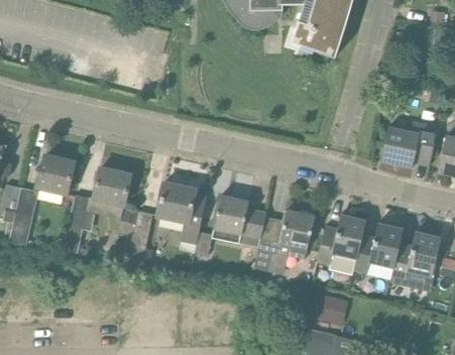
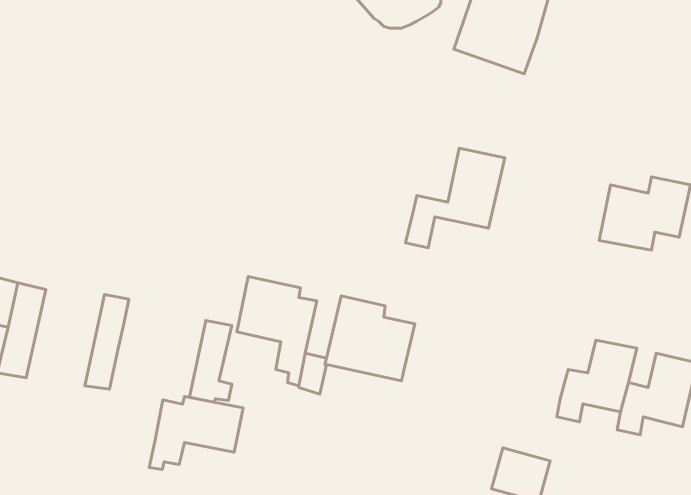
building: [34,156,74,197] -> none
building: [93,168,130,208] -> none
building: [253,210,315,271] -> [405,148,505,248]
building: [317,214,366,264] -> none
building: none -> [149,396,243,470]

